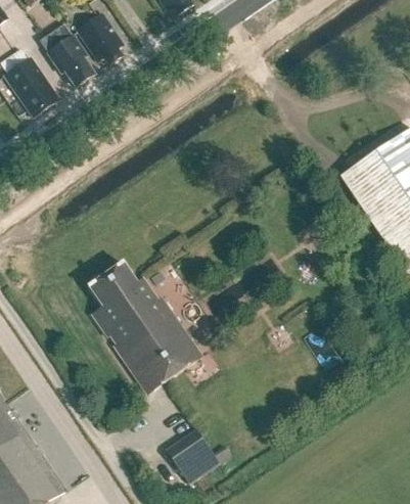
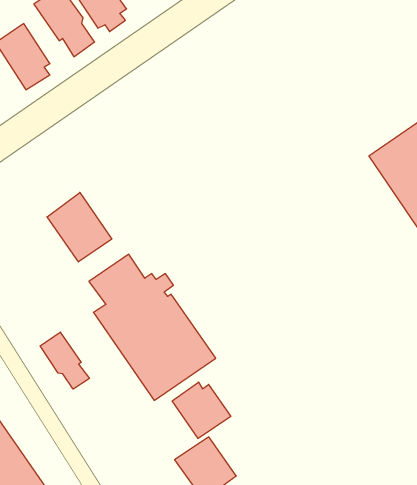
building: none -> [47,192,112,262]
building: none -> [40,332,89,389]
building: none -> [172,382,231,438]

